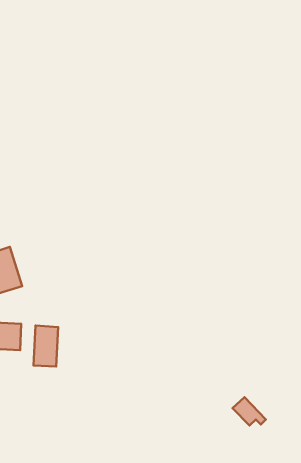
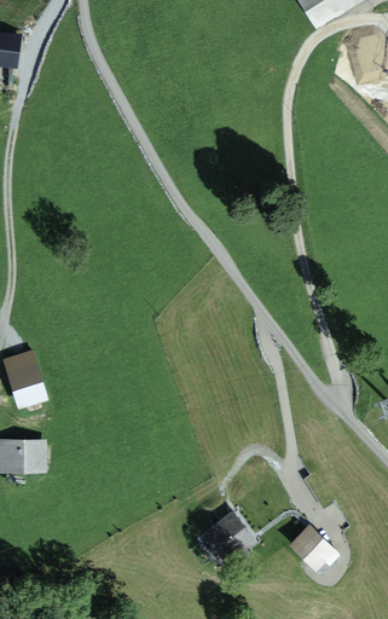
building: [33,326,58,366] -> none
building: none -> [213,515,253,555]

